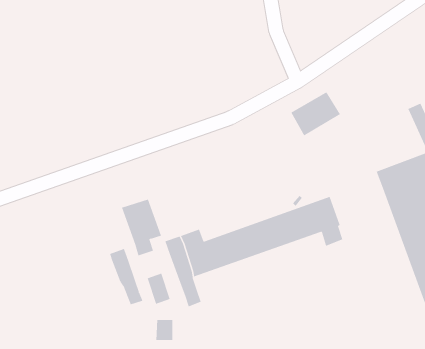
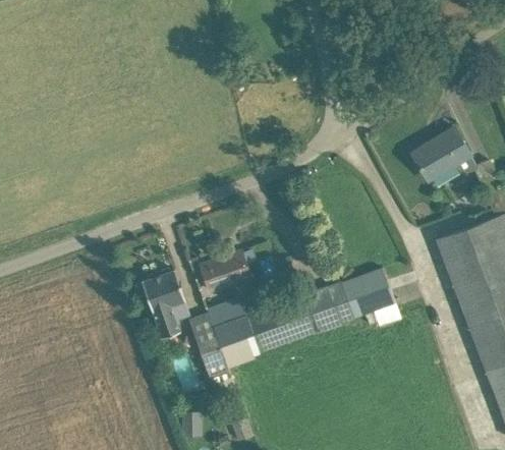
building: [291,91,341,136] -> [412,128,470,180]
building: none -> [201,251,250,290]
building: [110,248,143,305] -> none

